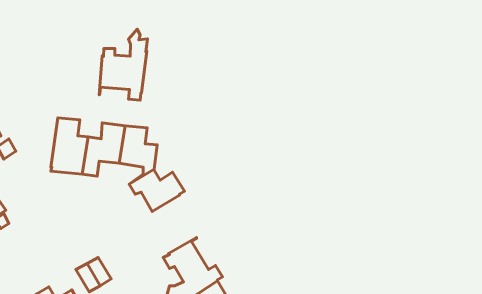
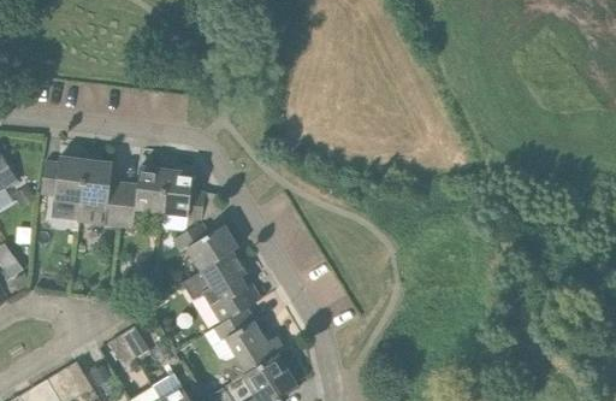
building: [99,29,148,100] -> none
building: none -> [40,155,85,218]
building: none -> [182,252,251,322]

